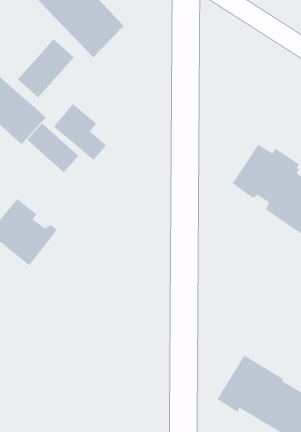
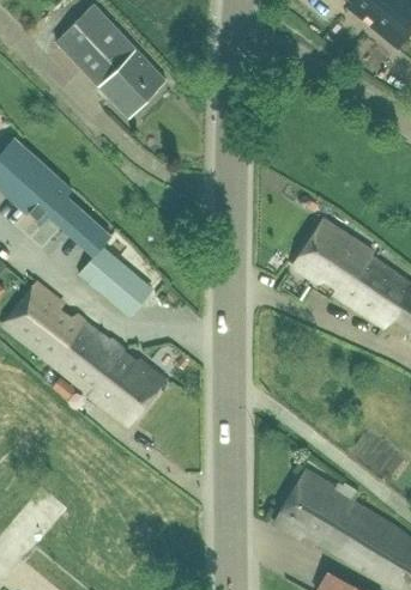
building: [17,39,75,98] -> none
building: [53,103,107,161] -> [80,248,144,316]
building: none -> [53,322,165,427]

